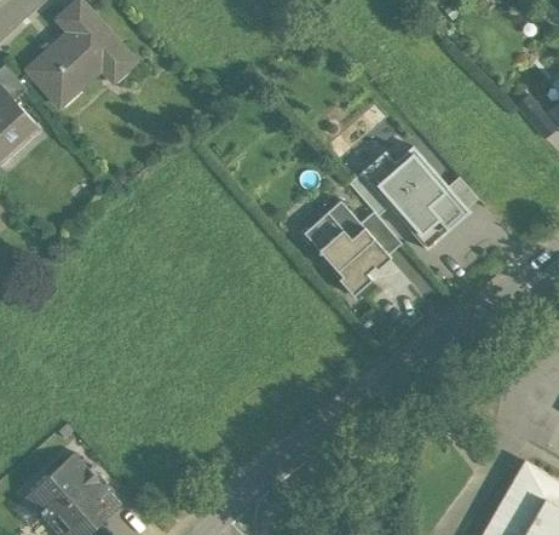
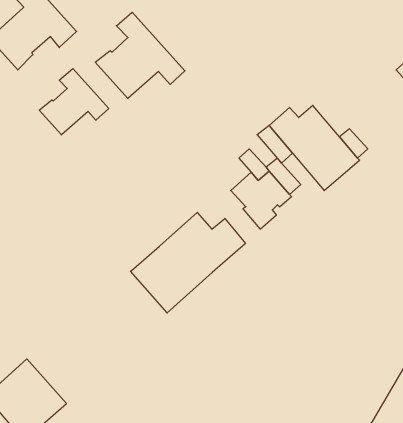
building: none -> [95,12,185,99]
building: none -> [39,69,109,135]
building: [302,212,341,251] -> none
building: none -> [131,212,246,313]

